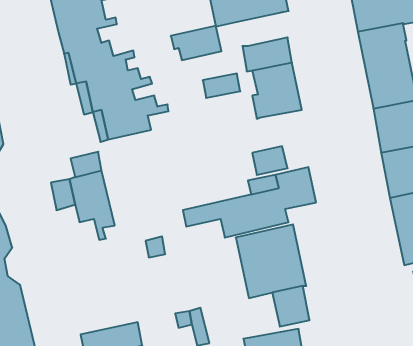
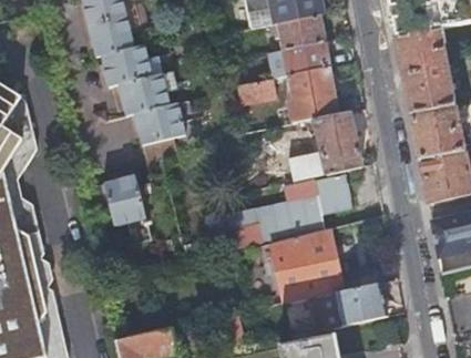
building: [171,26,221,60] -> [273,16,324,50]
building: none -> [296,112,362,174]
building: none -> [339,283,387,326]

